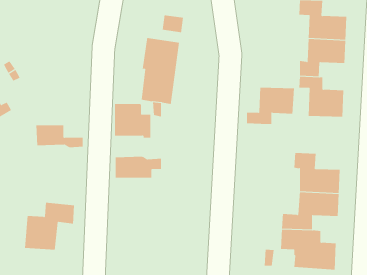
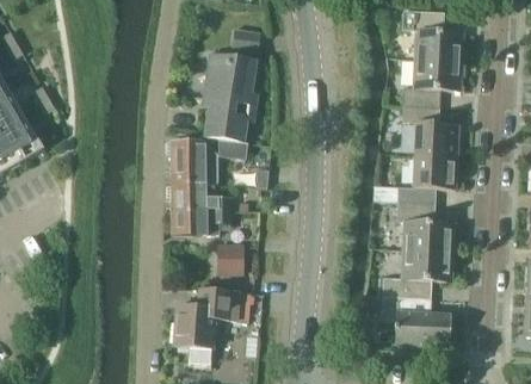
building: [246,87,295,125] -> [397,154,458,200]
building: [36,125,83,148] -> [172,179,231,208]
building: none -> [220,242,247,272]
building: [24,202,75,250] -> [173,286,236,346]

